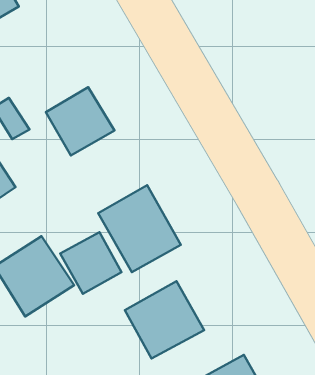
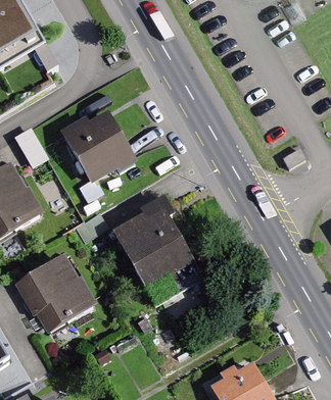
building: [60,232,121,294] -> none
building: [125,281,204,359] -> none

